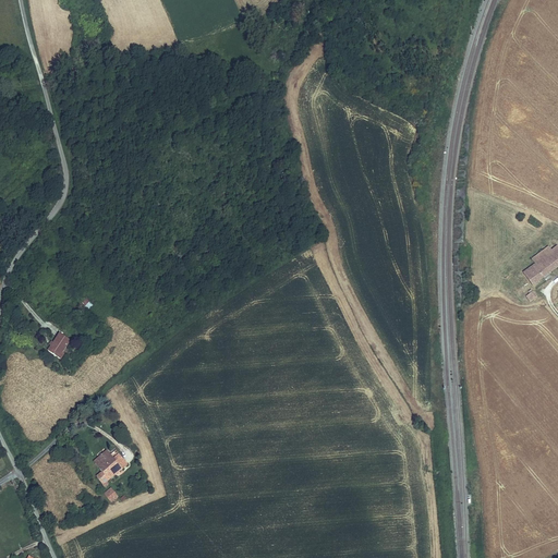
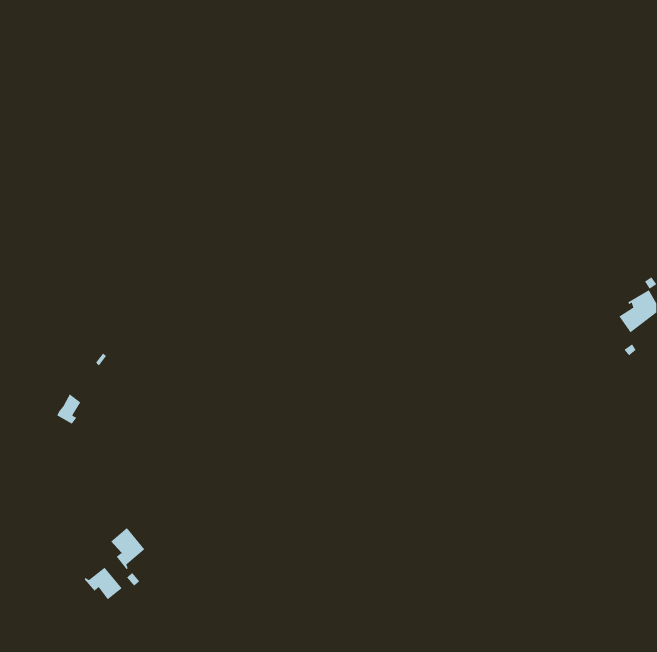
building: none -> [84,567,122,600]

